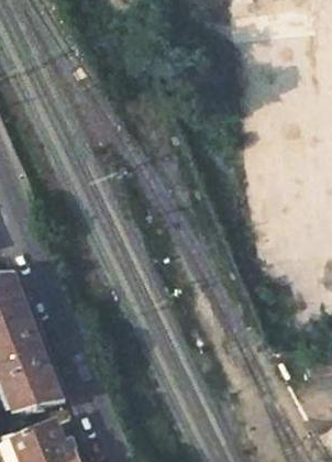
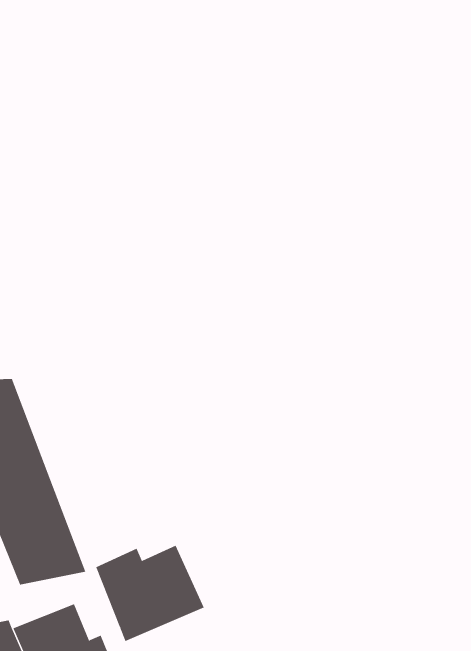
building: none -> [96,545,204,642]

